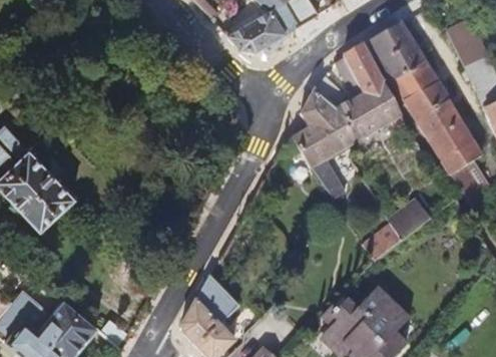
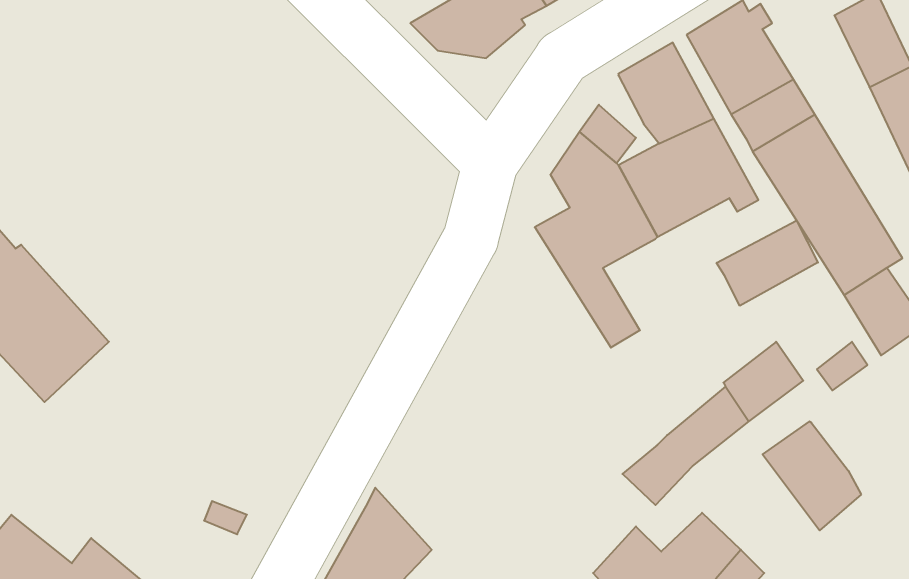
building: none -> [717,221,818,306]
building: none -> [763,421,861,530]

